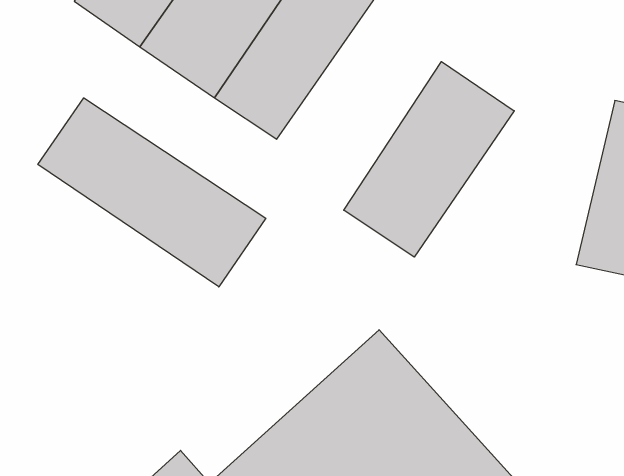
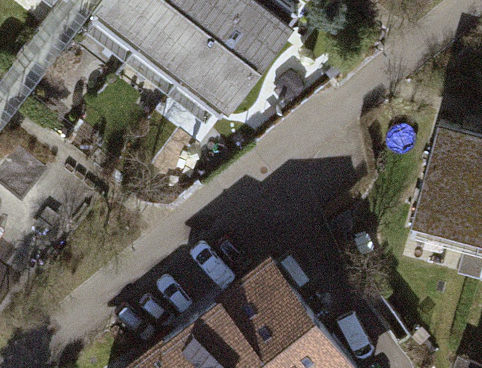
building: [344,62,514,257] -> none
building: [38,98,266,287] -> none

